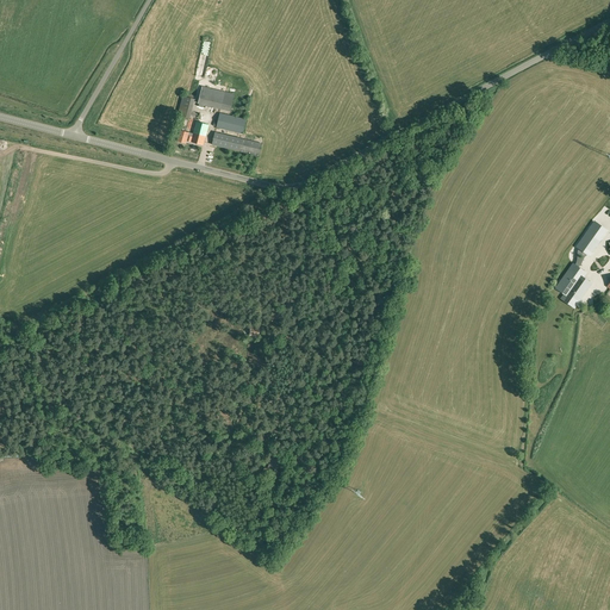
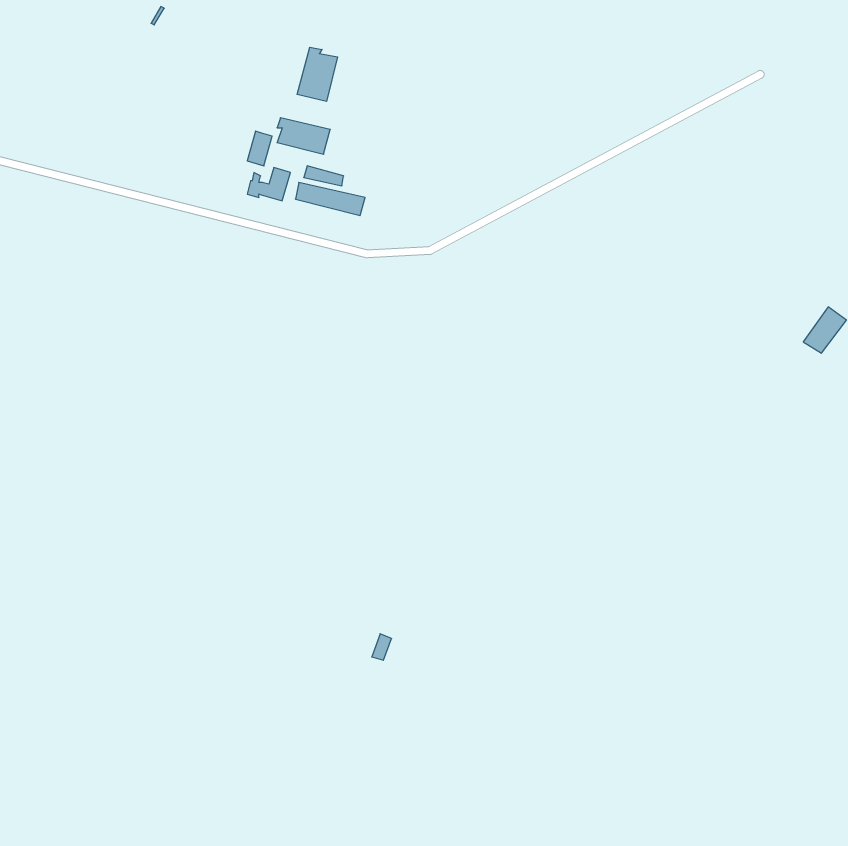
building: none -> [297,47,338,101]
building: [558,262,591,304] -> none

